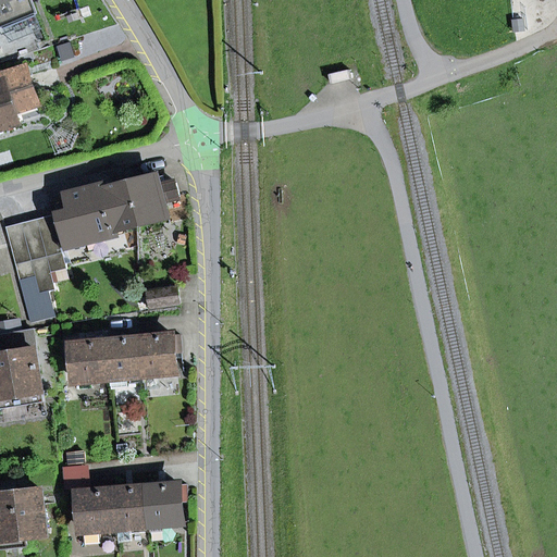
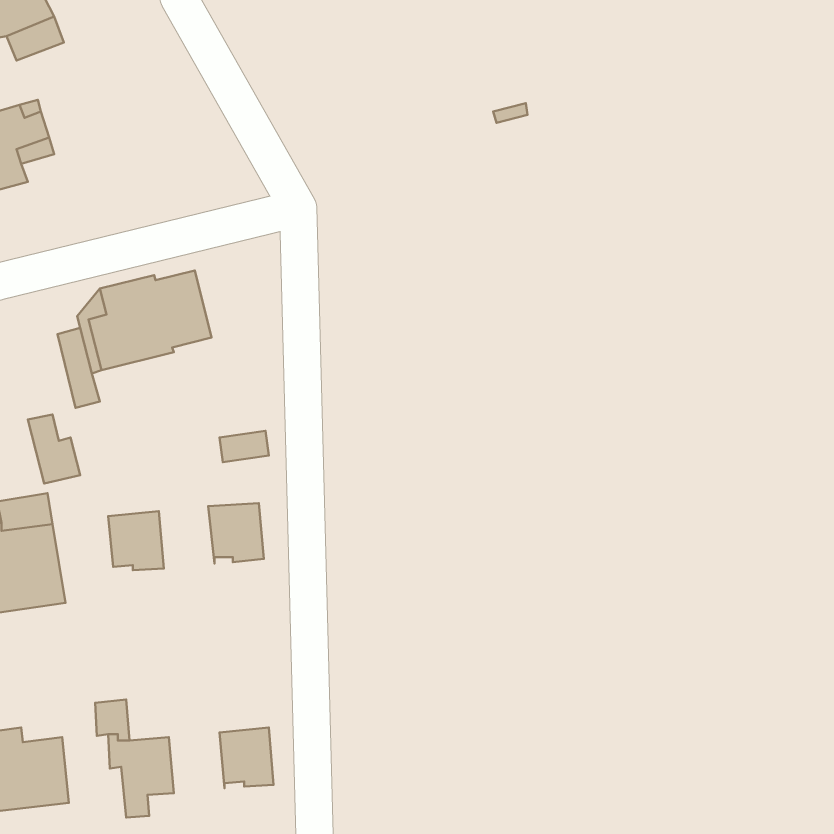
building: [129,173,178,224] -> none
building: [7,222,54,293] -> none
building: [106,336,143,386] -> none
building: [112,486,149,541] -> none

